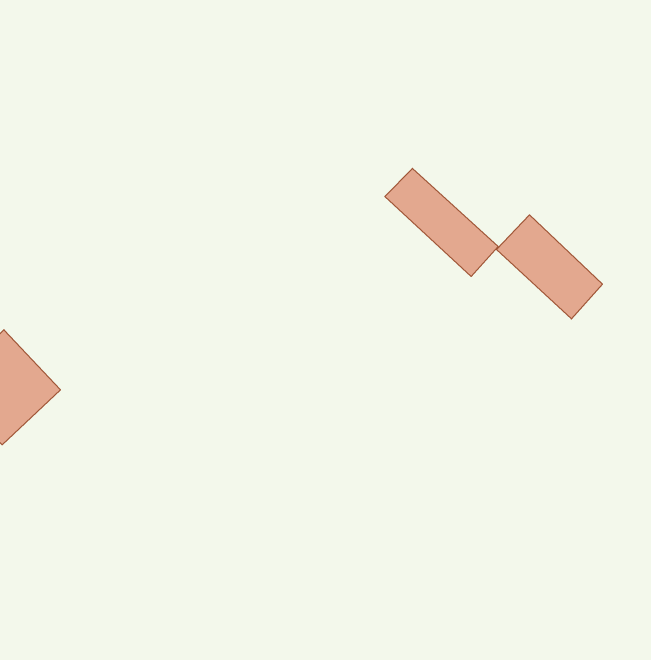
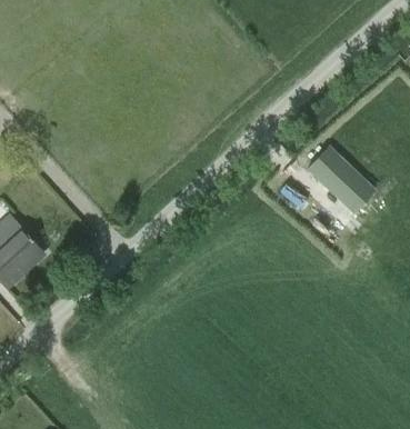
building: [385,168,498,276] -> none

